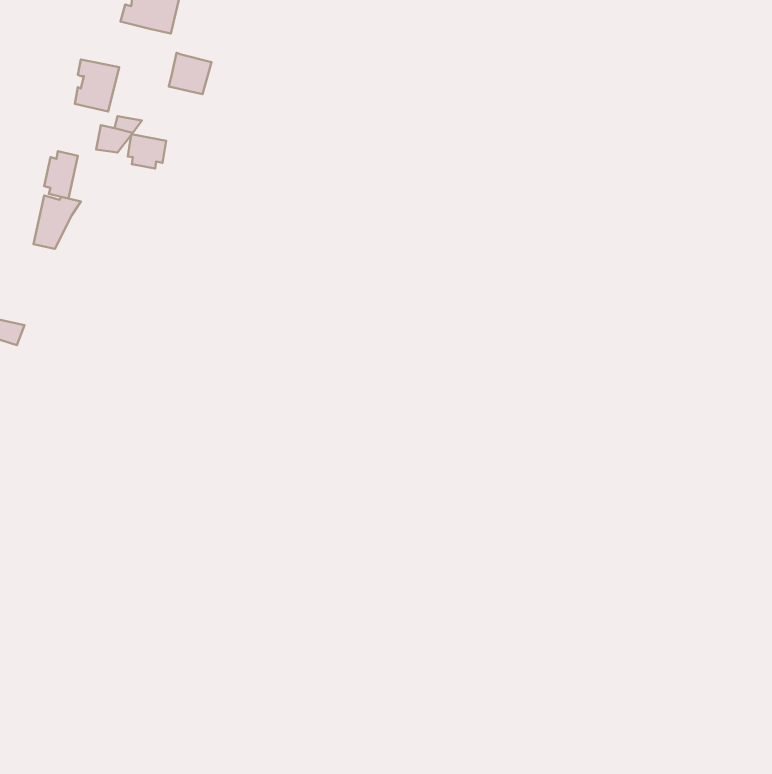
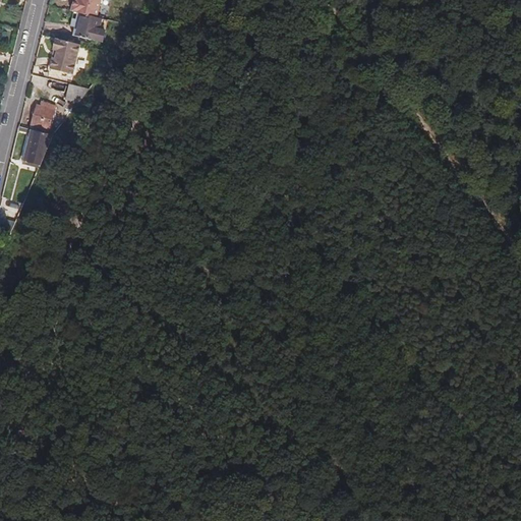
building: [169,53,212,94] -> [72,13,101,41]
building: [128,134,166,169] -> none

